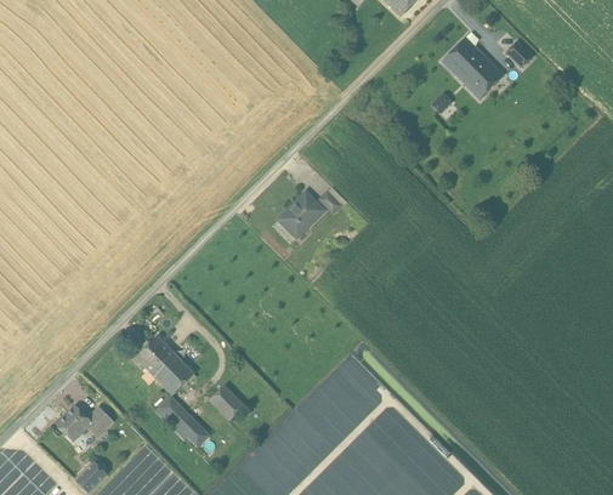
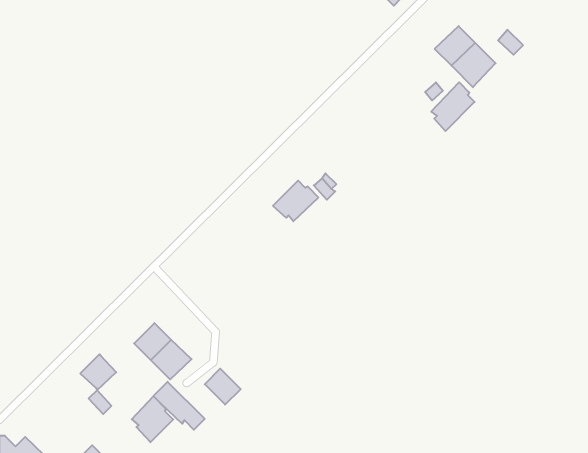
building: none -> [431,82,475,131]
building: [56,405,92,442] -> [80,354,116,390]
building: none -> [132,396,173,442]

